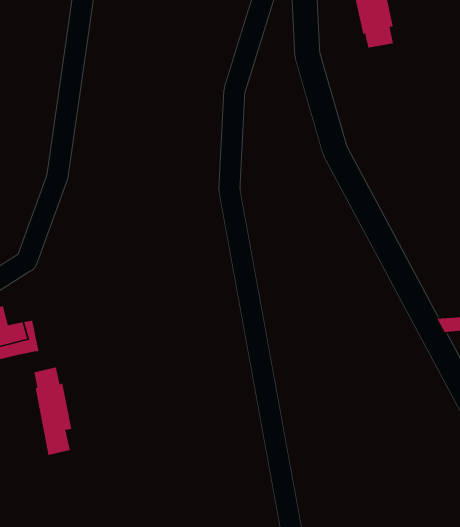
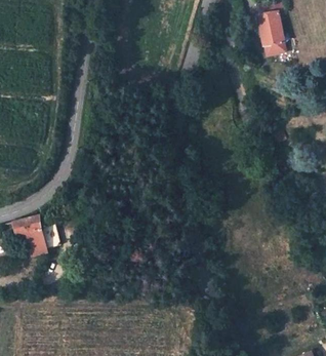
building: [34,367,72,456] -> none

